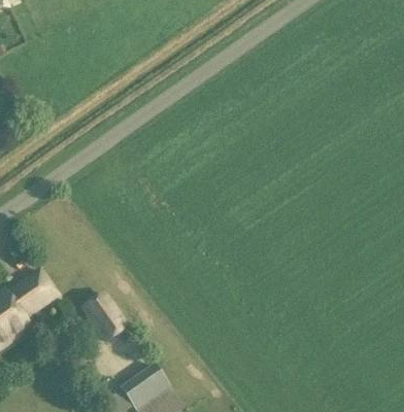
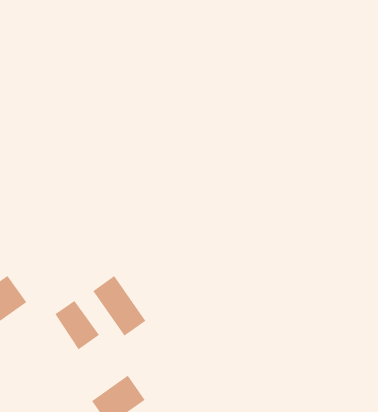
building: none -> [92,275,146,337]

